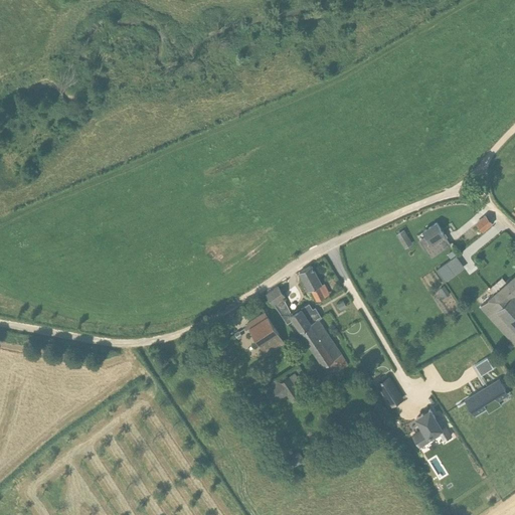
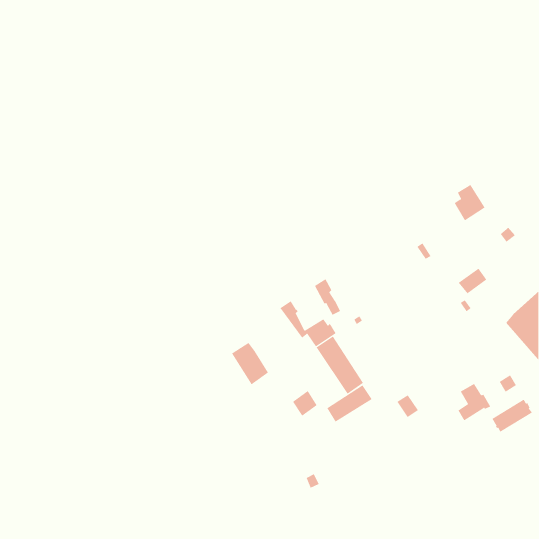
building: [420,223,451,259] -> [454,184,486,221]
building: [247,313,284,354] -> [231,342,269,385]
building: none -> [327,384,372,422]
building: [411,411,444,448] -> [458,383,491,421]

